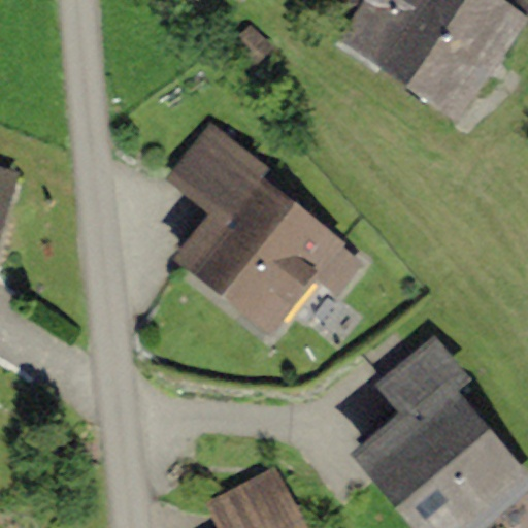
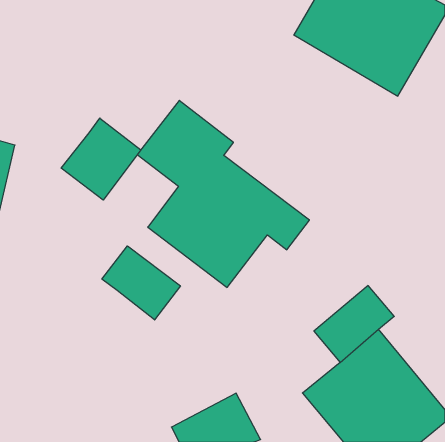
building: none -> [61,118,141,200]
building: none -> [102,246,180,320]

